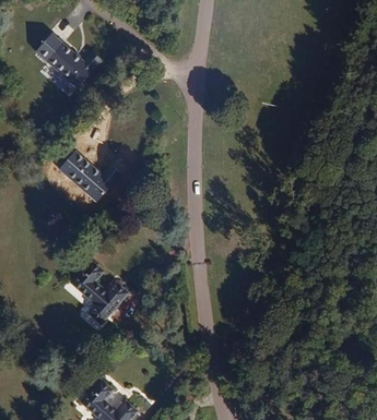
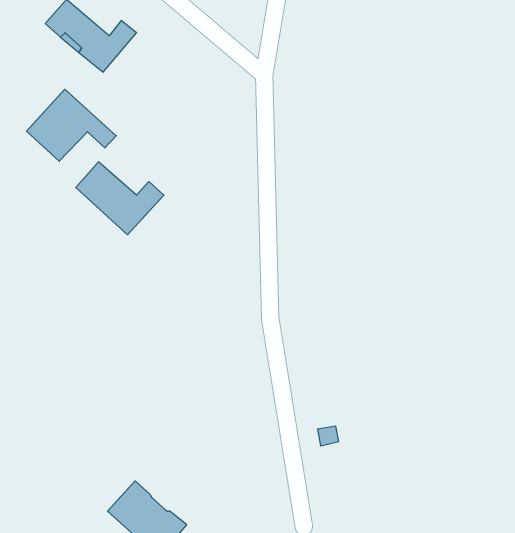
building: none -> [27,89,116,161]
building: [70,261,127,324] -> none

